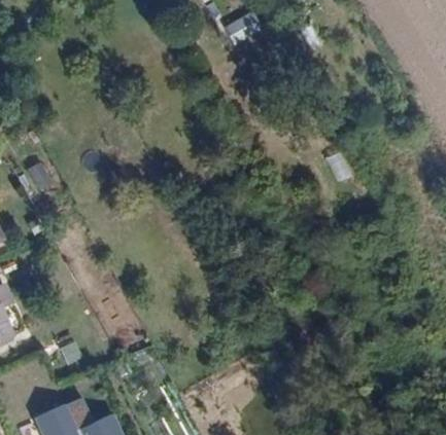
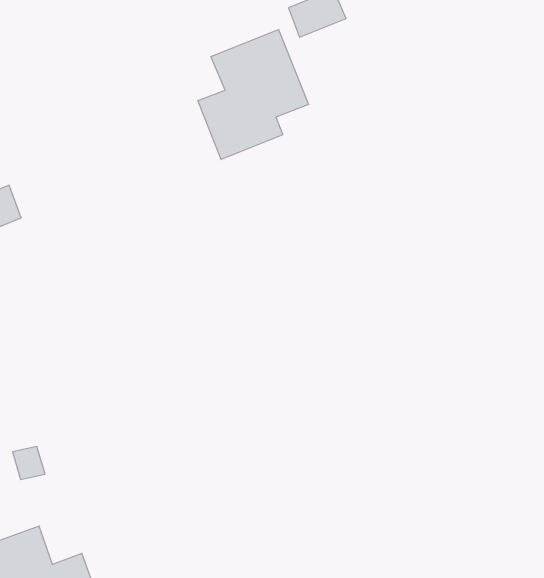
building: none -> [198,30,309,160]

